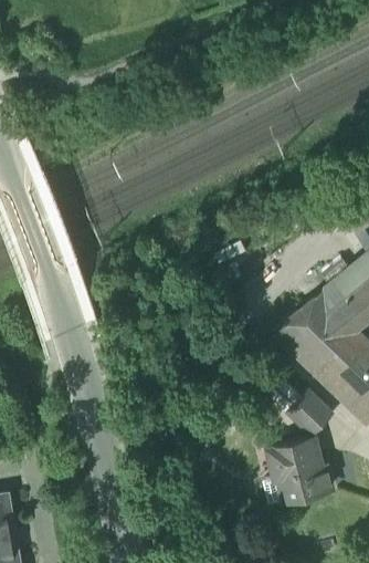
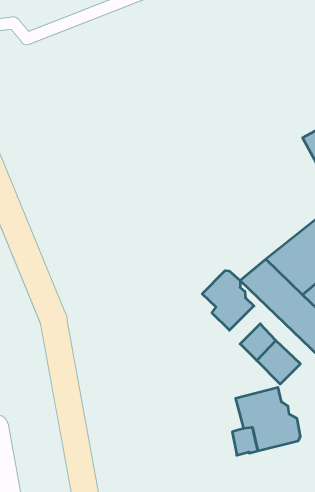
building: none -> [202,271,254,330]

